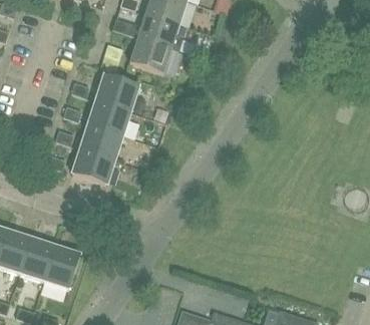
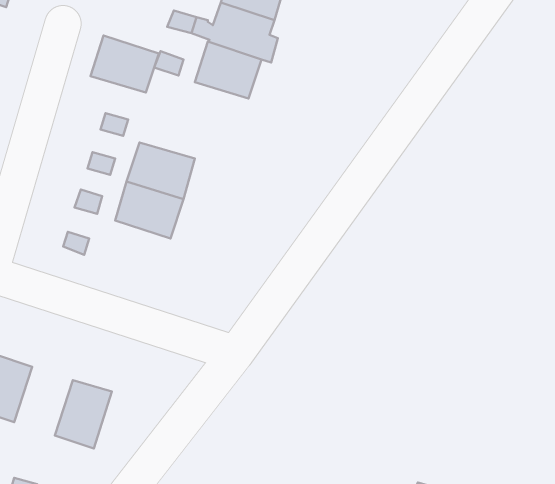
building: [96,73,138,108] -> [90,36,159,92]
building: [73,146,115,183] -> none
building: [19,237,55,279] -> none

